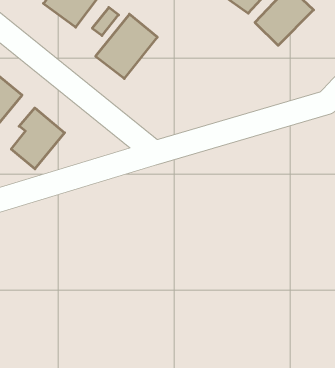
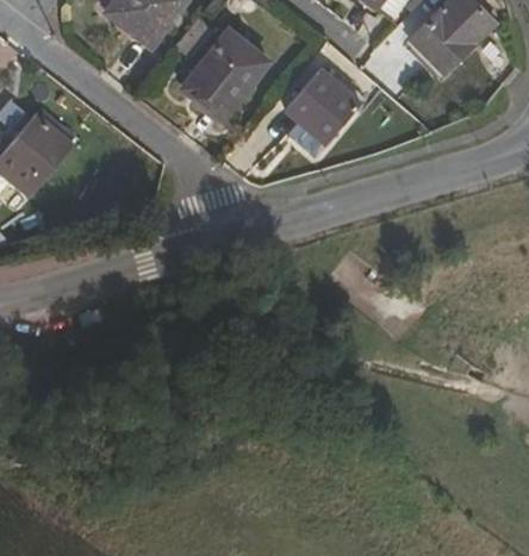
building: none -> [286,68,361,140]
building: [11,108,65,169] -> none

